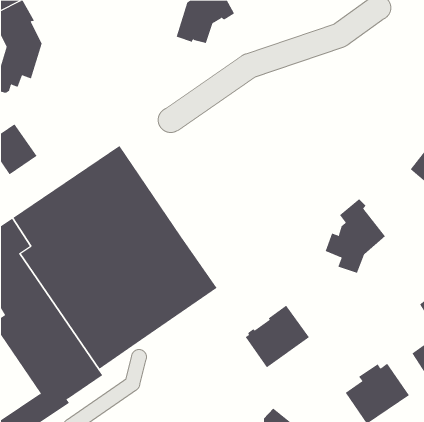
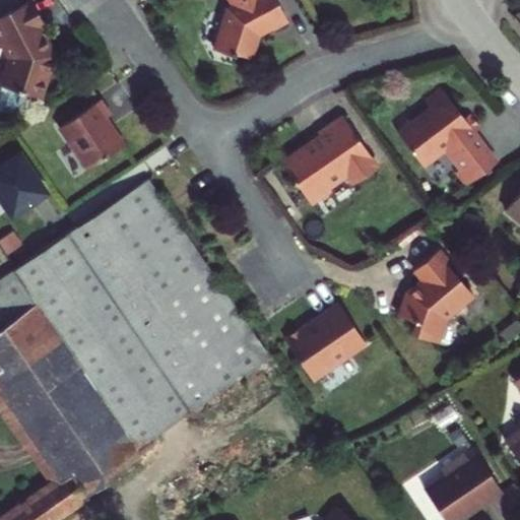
building: none -> [396,89,495,186]
building: none -> [59,103,125,172]
building: none -> [284,116,378,204]
building: [245,305,310,368] -> [287,304,367,381]

